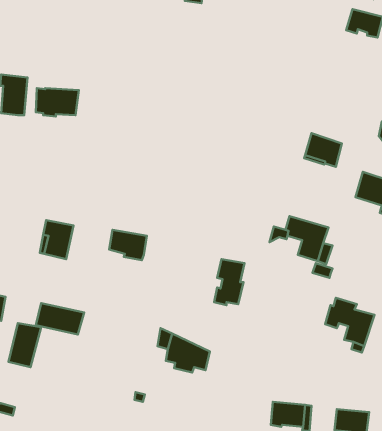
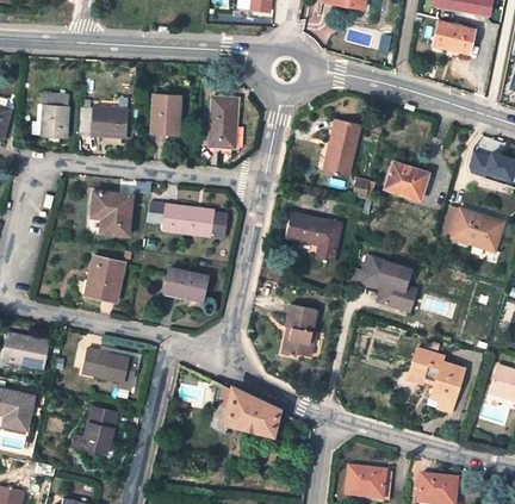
building: none -> [151,99,181,139]
building: none -> [211,102,241,154]
building: none -> [324,118,361,176]
building: none -> [92,194,132,237]
building: none -> [161,209,225,242]
building: none -> [285,211,341,262]
building: [9,323,41,367] -> [80,412,117,462]

